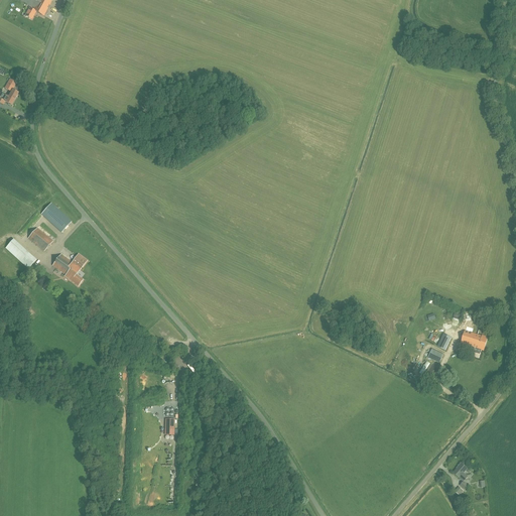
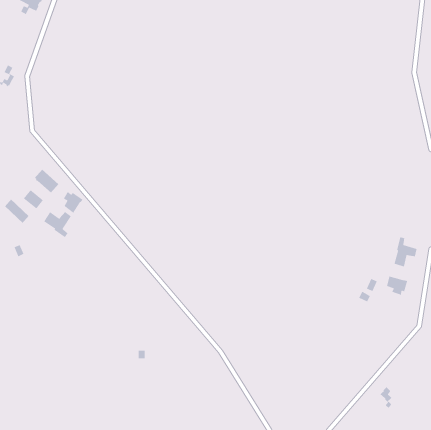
building: none -> [63,191,84,214]
building: none -> [394,236,418,267]

